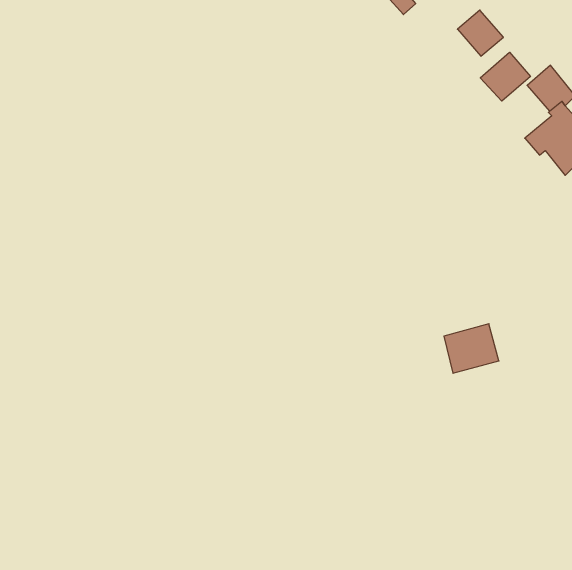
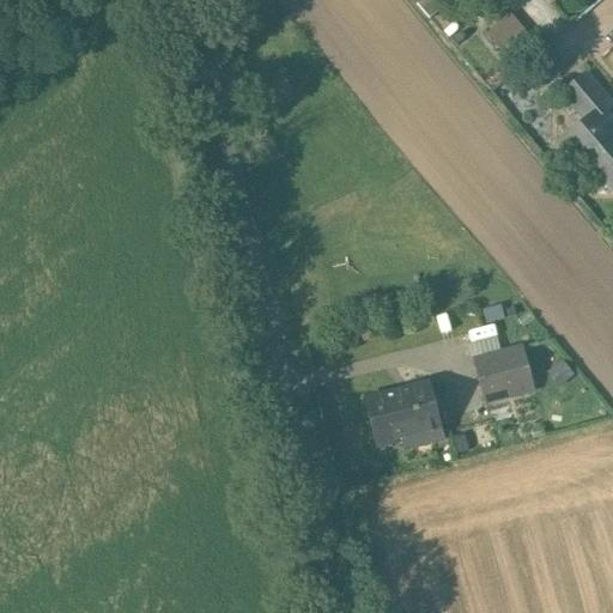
building: [480,52,530,101] -> none
building: none -> [368,381,441,441]

